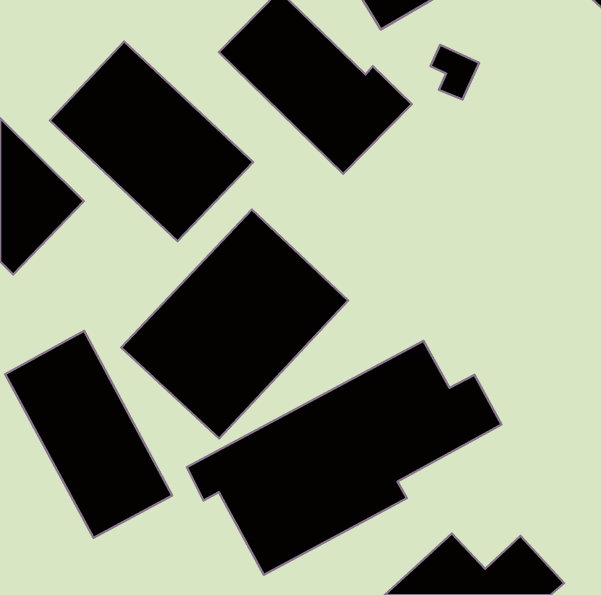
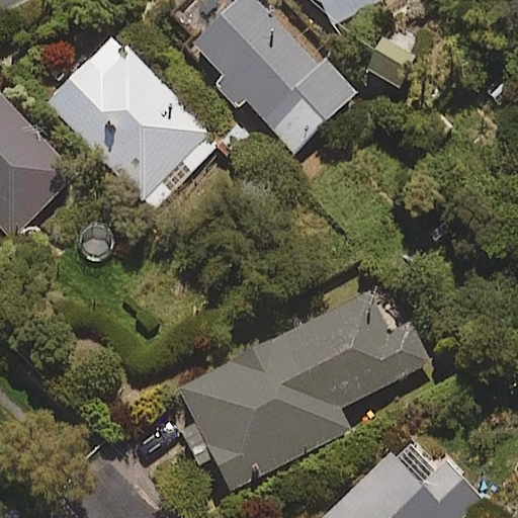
building: [121,210,348,438] -> none
building: [5,331,172,538] -> none

